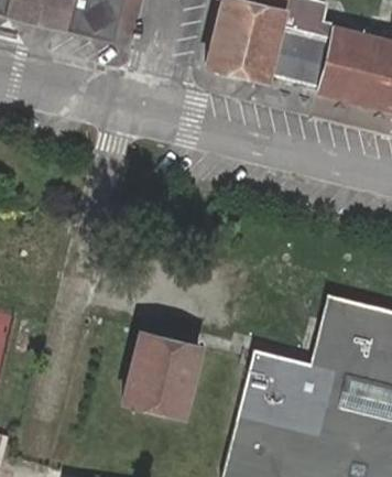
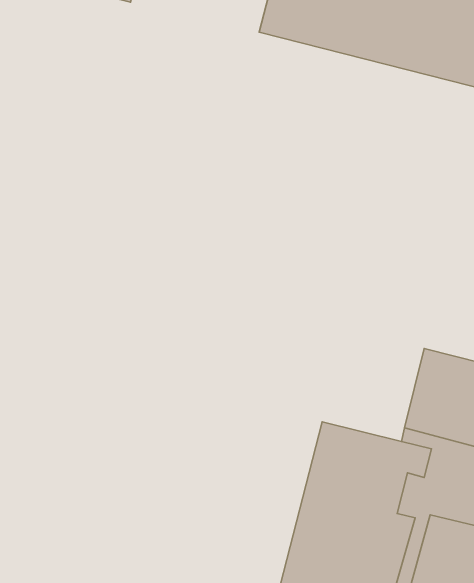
building: [126,333,202,414] -> none

